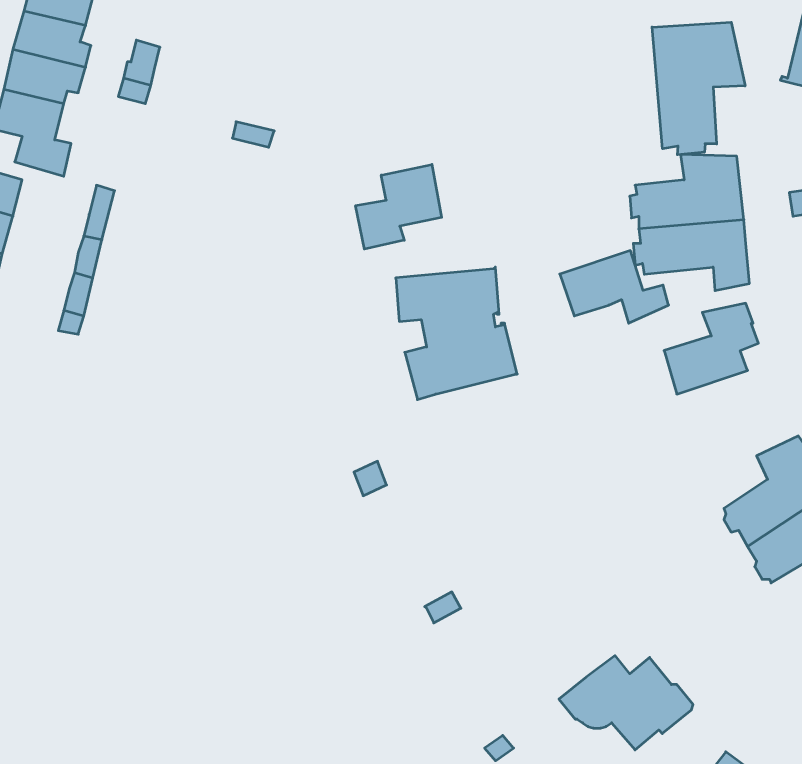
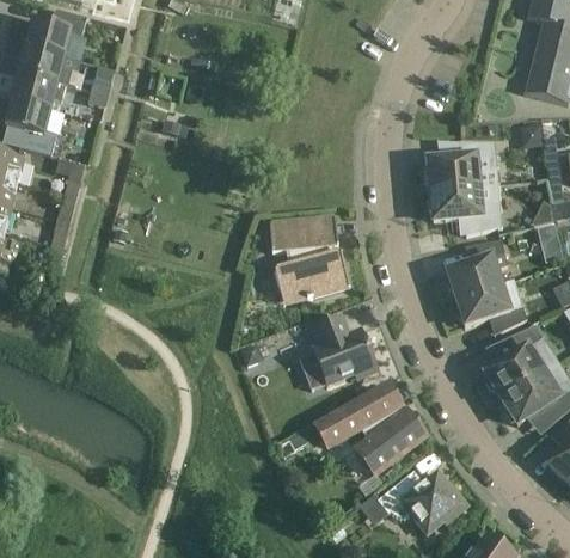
building: [652,22,745,155] -> none
building: [356,164,442,249] -> none
building: [560,251,669,323] -> [454,283,526,331]
building: none -> [312,317,375,384]
building: none -> [317,387,421,473]

